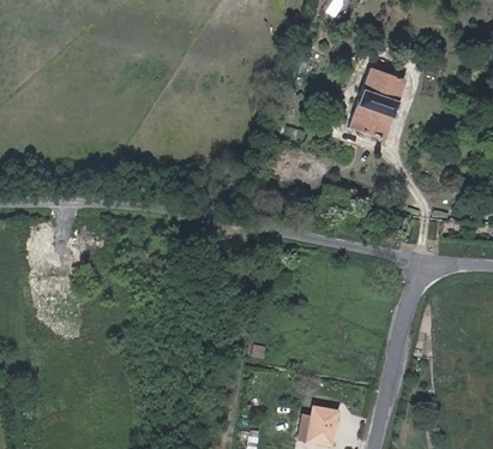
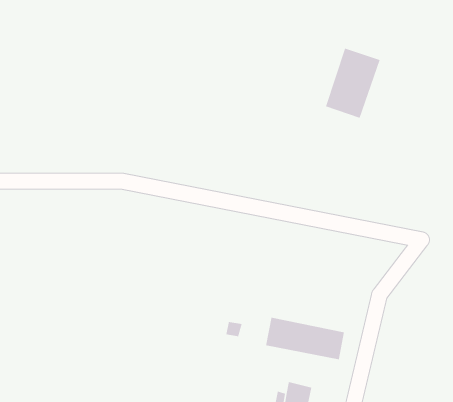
building: none -> [265,317,344,360]

